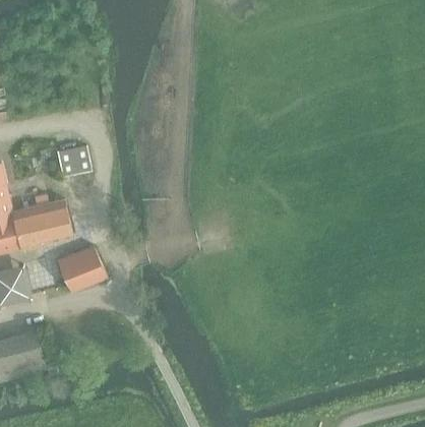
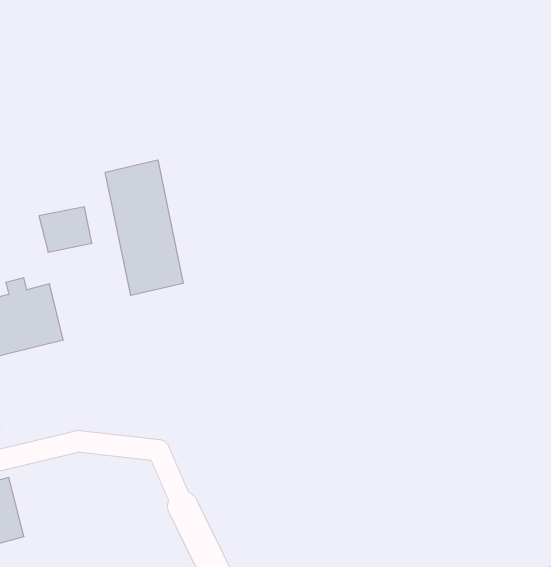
building: none -> [105,160,183,296]
building: [56,245,107,291] -> none

